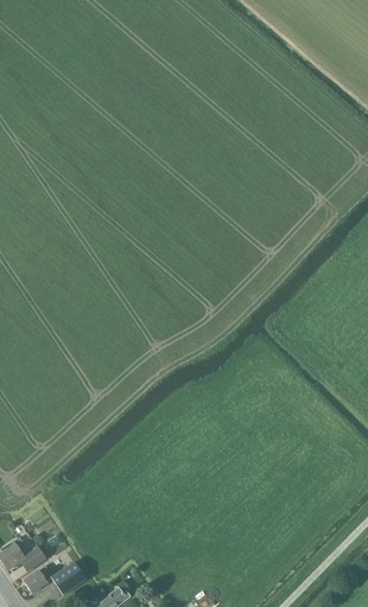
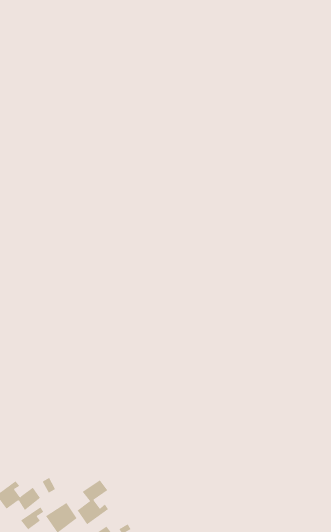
building: none -> [77,480,109,525]

